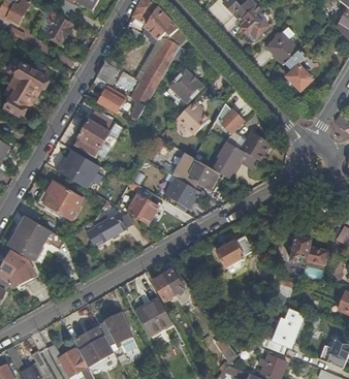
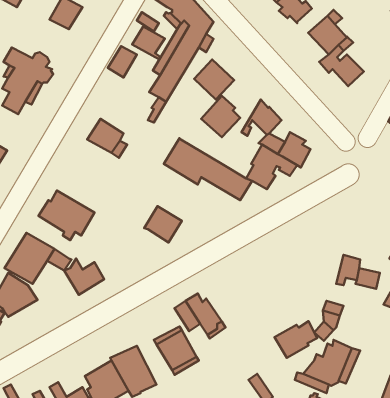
building: [97,87,125,115] -> [132,26,165,59]
building: [56,148,98,188] -> none
building: [165,178,195,208] -> none
building: [90,212,124,243] -> [64,258,104,295]
building: [215,236,251,267] -> [275,321,317,358]

